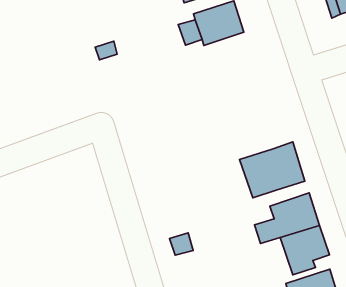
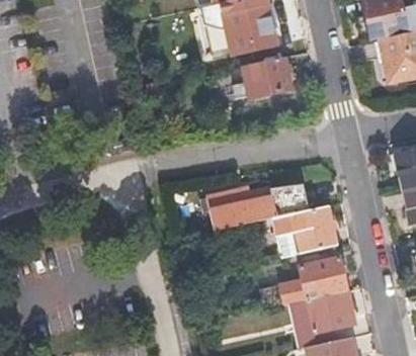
building: none -> [209,188,308,229]

